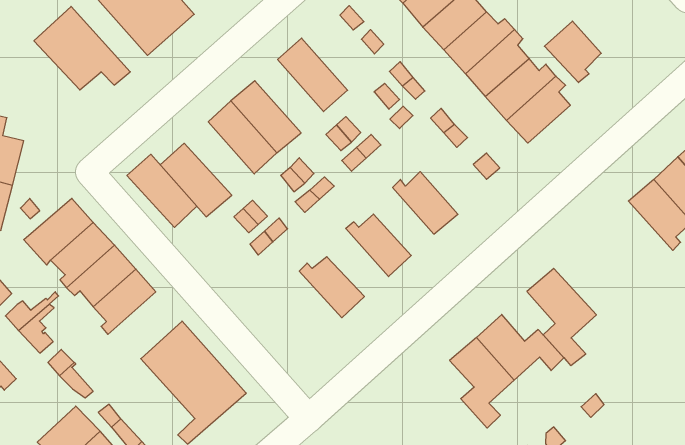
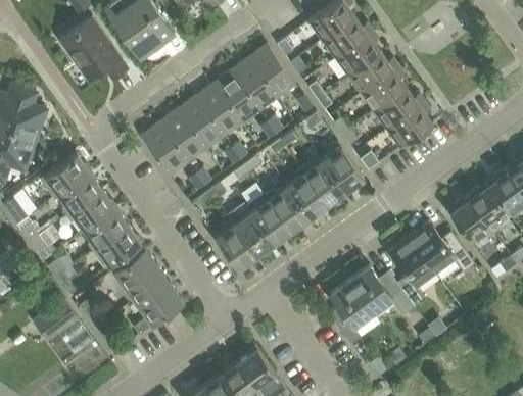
building: none -> [248,44,295,97]
building: [544,21,601,83] -> none
building: none -> [212,70,258,123]
building: none -> [322,142,364,192]
building: [127,154,197,227] -> [158,109,205,162]
building: none -> [286,168,327,217]
building: none -> [446,195,493,242]
building: none -> [245,192,292,243]
building: none -> [409,222,473,273]
building: none -> [215,220,256,269]
building: none -> [91,225,141,269]

